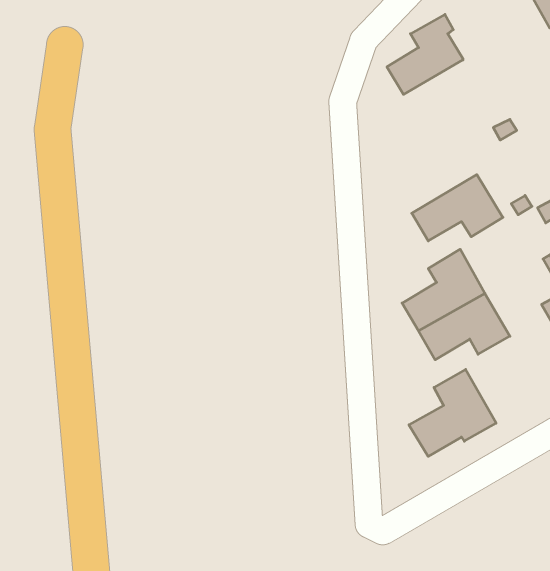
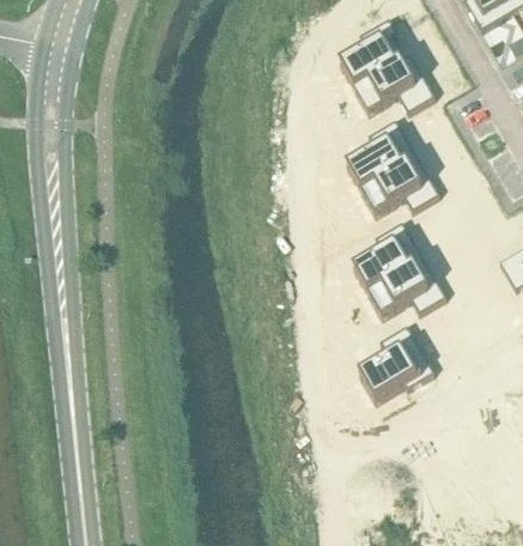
building: none -> [353,55,434,114]
building: none -> [346,121,416,192]

